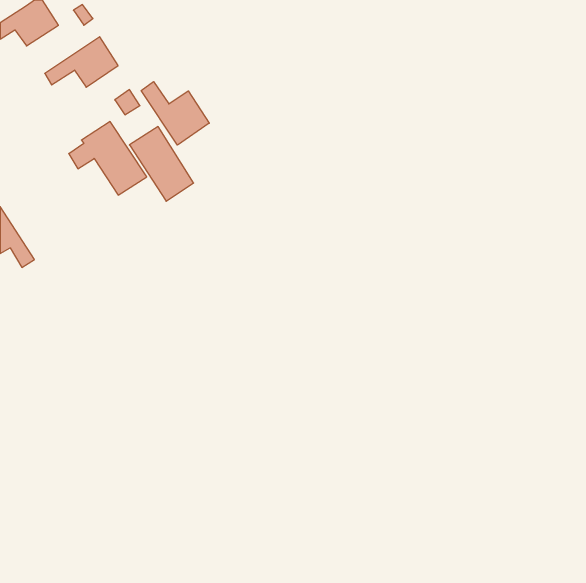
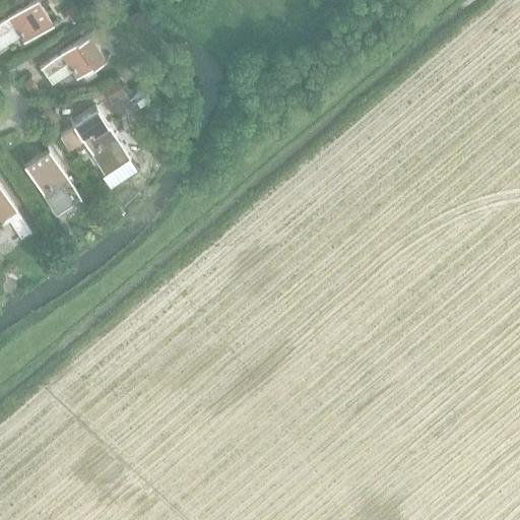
building: [141,82,209,145] -> none
building: [129,127,194,201] -> [23,150,80,216]

